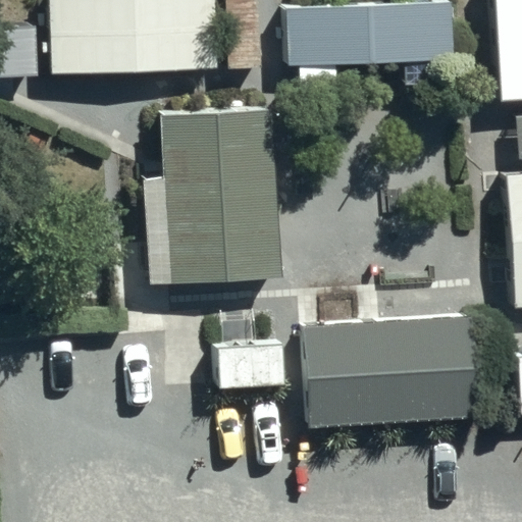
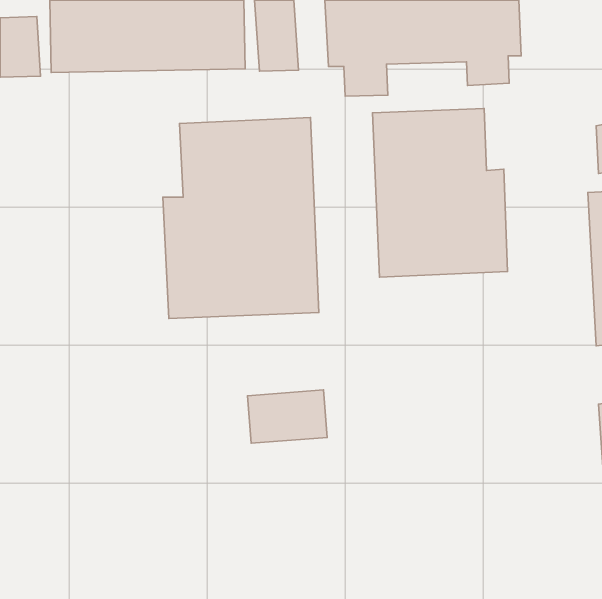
building: none -> [372,108,508,277]
building: [303,316,477,425] -> none

